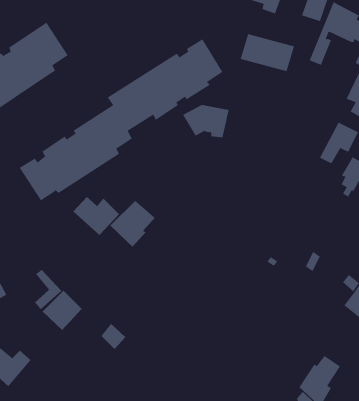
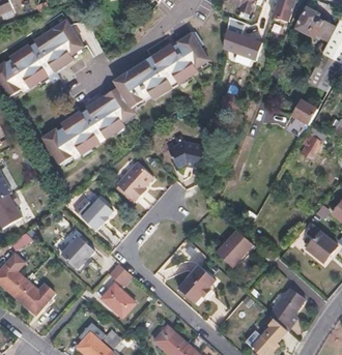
building: [182,105,230,138] -> [166,143,204,170]
building: [73,196,120,236] -> [74,197,112,229]
building: none -> [215,227,254,267]
building: none -> [177,263,216,301]
building: none -> [102,283,135,315]

